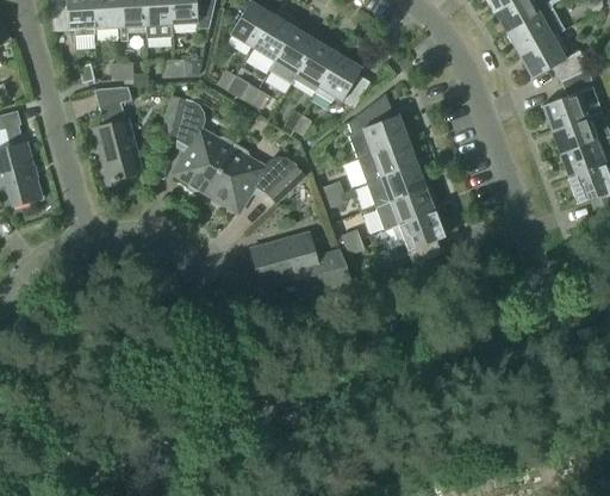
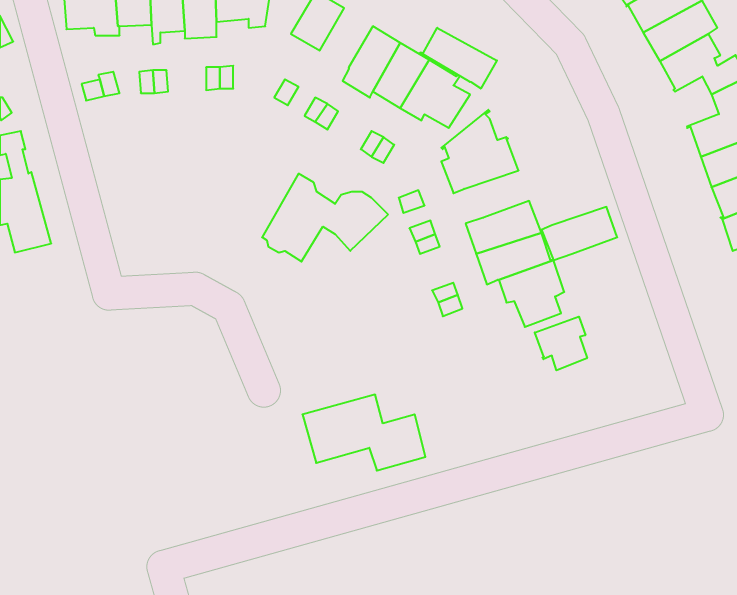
building: [253,13,294,60] -> none
building: none -> [420,28,497,89]
building: [94,86,142,181] -> none
building: [162,94,236,193] -> none
building: [357,141,417,182] -> [541,207,617,260]
building: [251,232,348,292] -> [302,395,425,471]
building: none -> [535,317,587,370]

